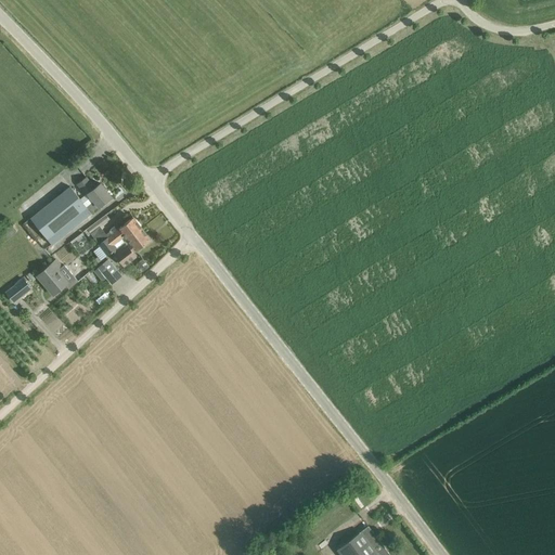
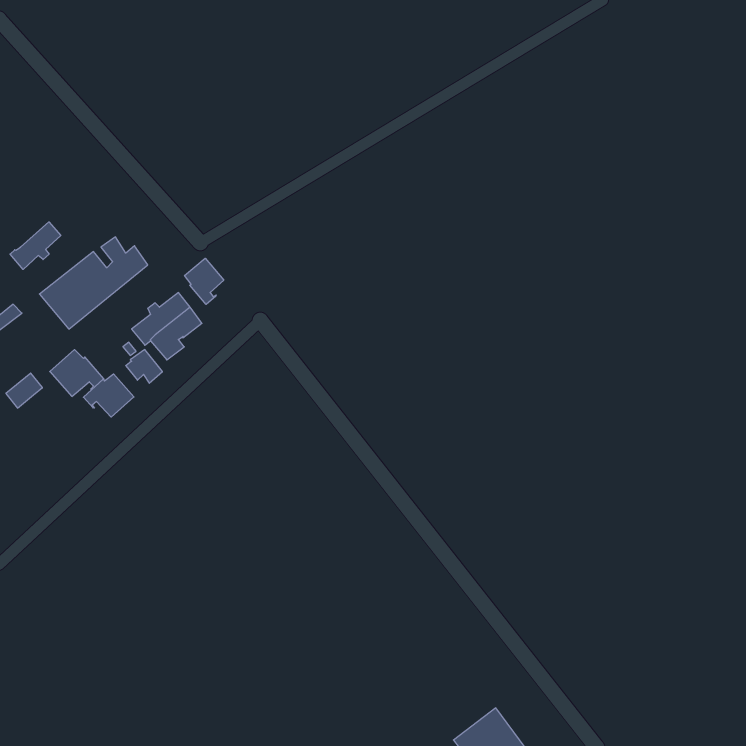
building: none -> [10,222,61,269]
building: none -> [185,258,224,304]
building: none -> [83,374,134,417]

